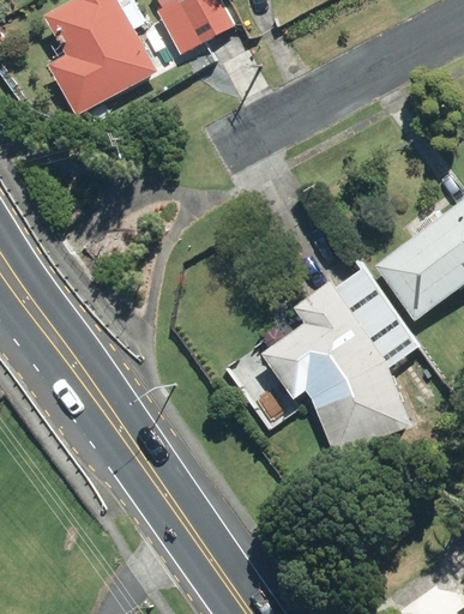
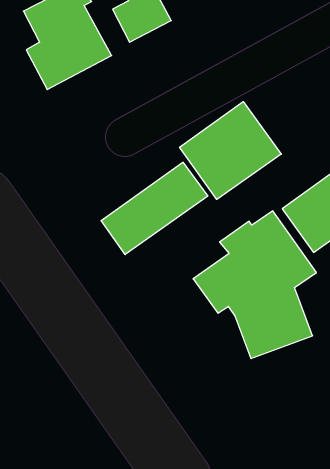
building: none -> [180,102,281,199]
building: none -> [101,162,208,255]

